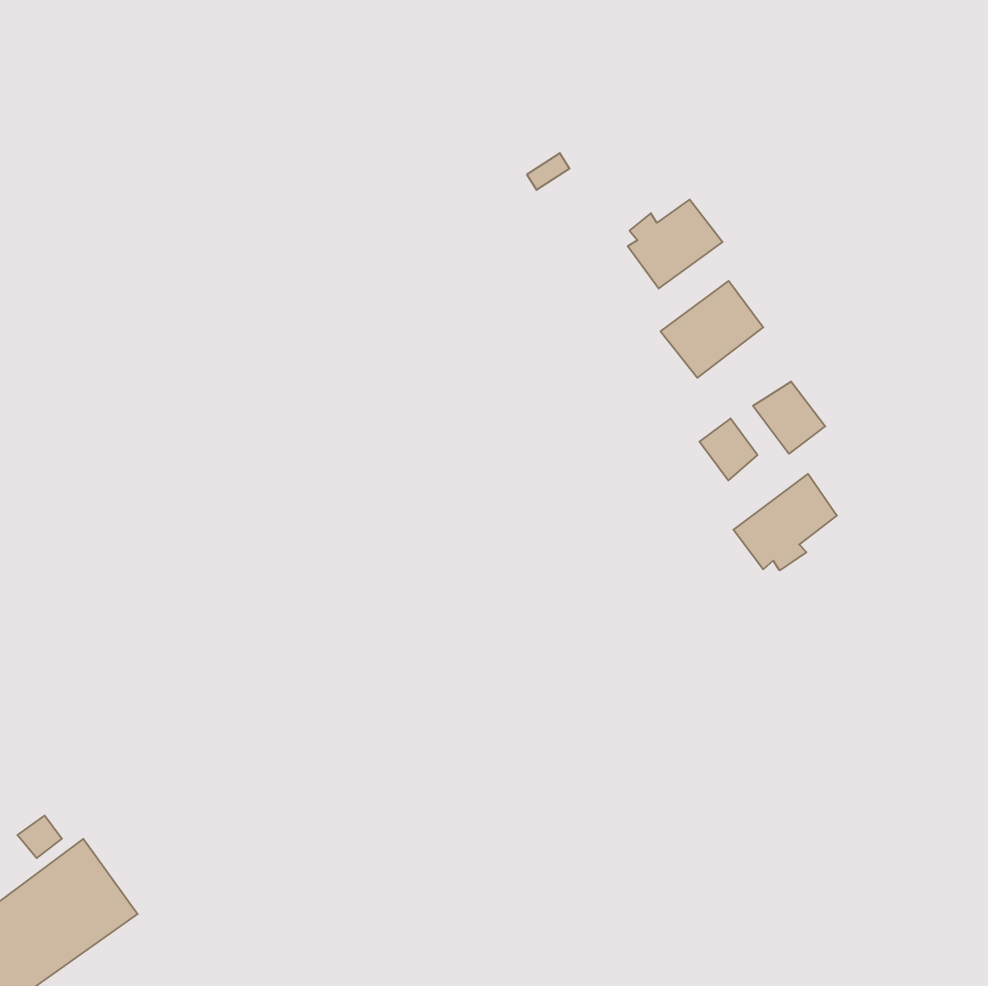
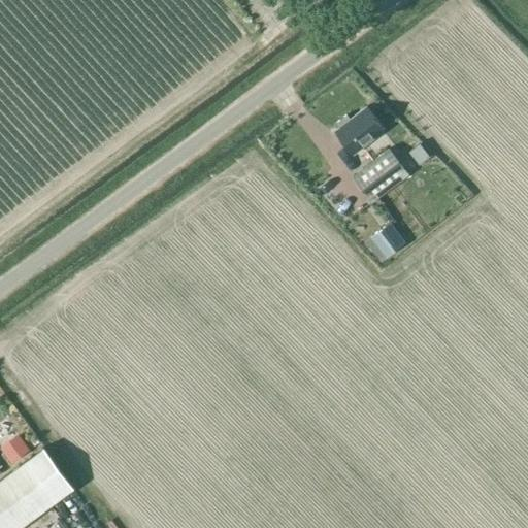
building: [753,381,825,454] -> none
building: [733,474,837,570] -> none

